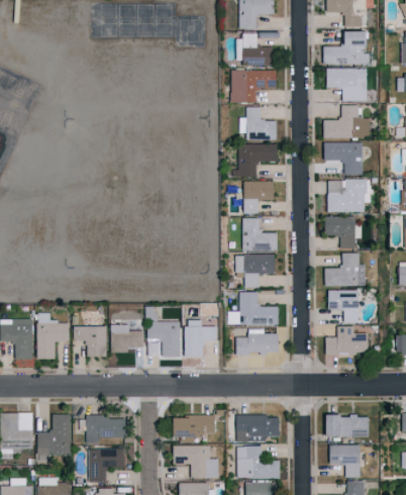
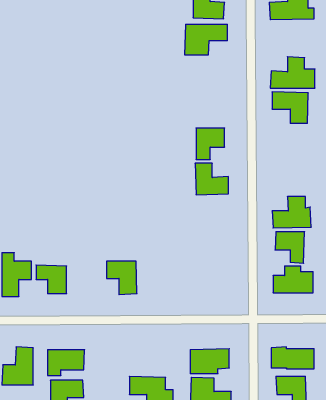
building: [325,69,366,102] -> none
building: [239,107,277,140] -> none
building: [233,144,277,177] -> none
building: [327,180,370,213] -> none
building: [323,217,362,250] -> none
building: [236,255,275,288] -> none
building: [240,292,278,325] -> none
building: [185,320,217,358] -> none
building: [110,325,143,349] -> none
building: [235,329,279,356] -> none
building: [171,414,215,435] -> none

